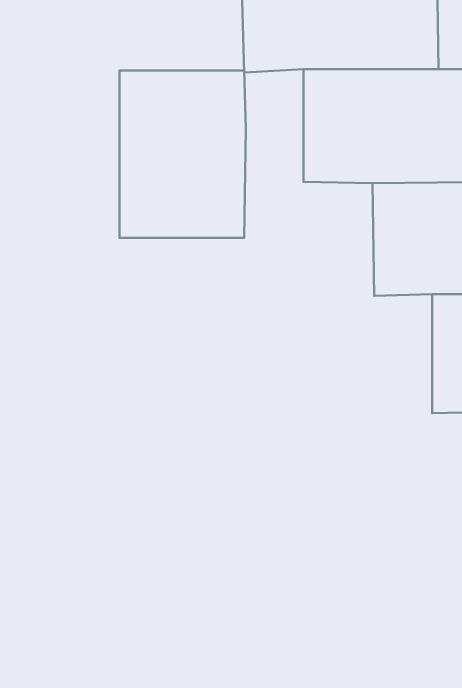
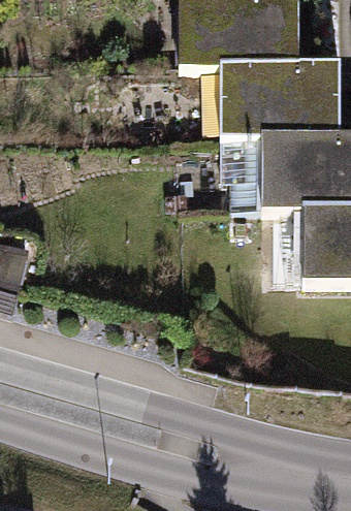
building: [119,70,246,238] -> none

